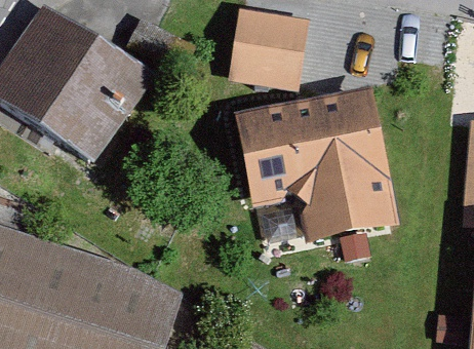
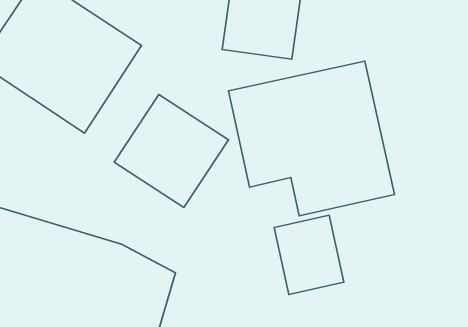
building: none -> [114,94,229,207]
building: none -> [274,215,344,295]

